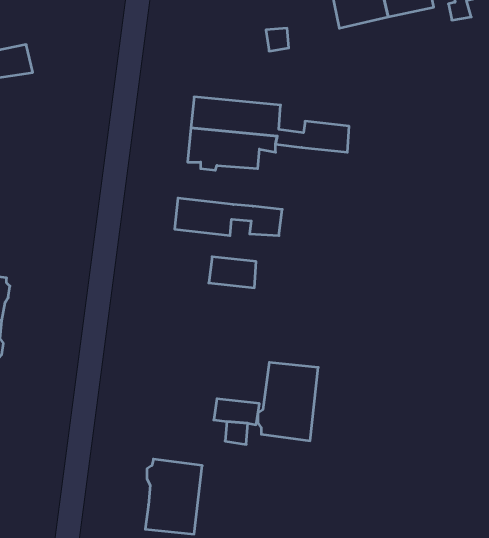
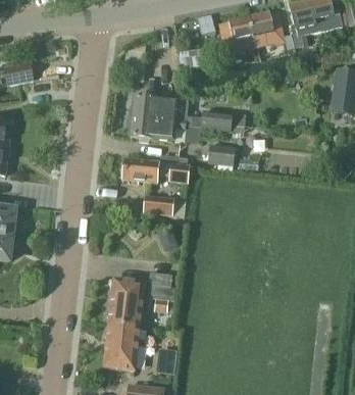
building: none -> [206,144,235,165]
building: [258,362,318,441] -> [106,277,144,326]

